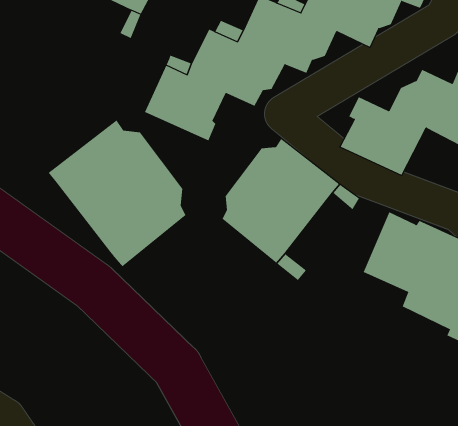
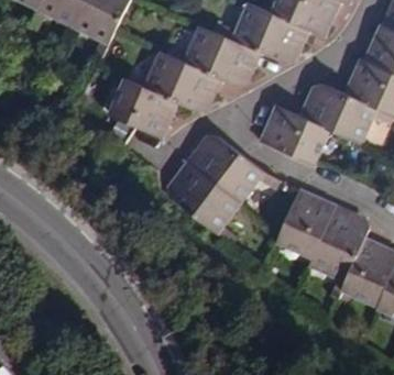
building: [48,119,186,267] -> none

